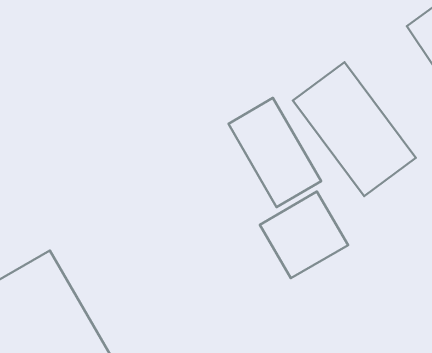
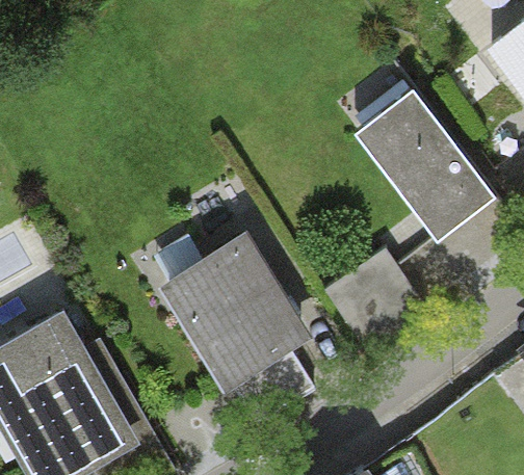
building: [228,98,321,207] -> none
building: none -> [158,234,310,393]

